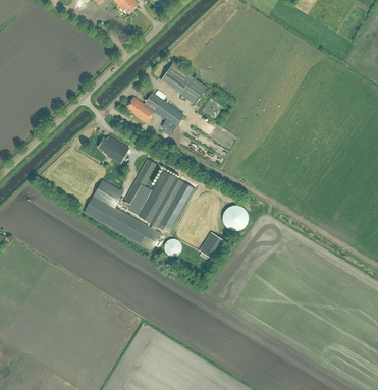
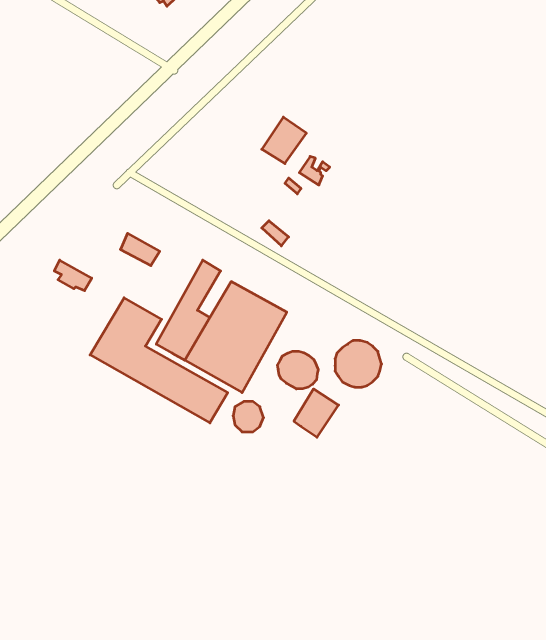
building: [160,62,193,95] -> none
building: [125,92,183,135] -> none
building: none -> [278,351,318,389]

